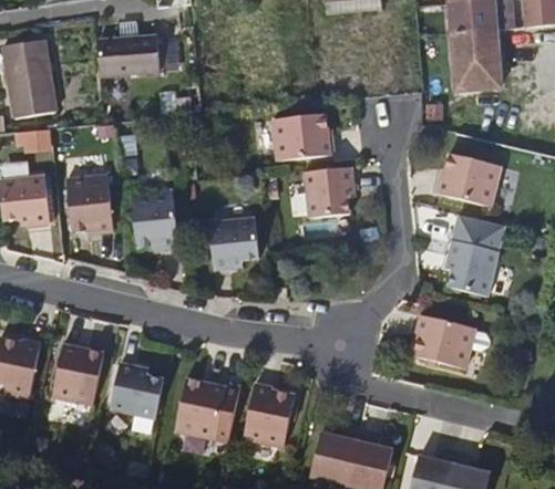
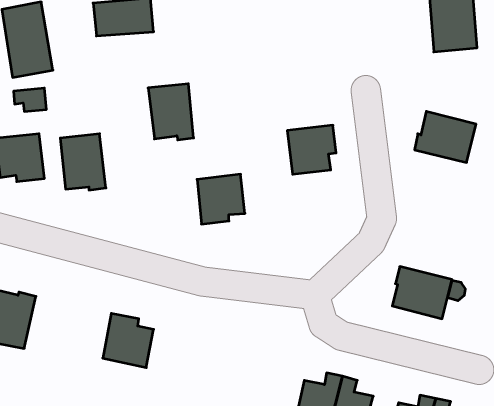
building: [271,114,332,160] -> none
building: [130,191,177,250] -> [148,84,194,140]
building: [445,214,504,296] -> none
building: [51,341,103,405] -> none
building: [175,378,239,443] -> none
building: [243,383,295,447] -> none

